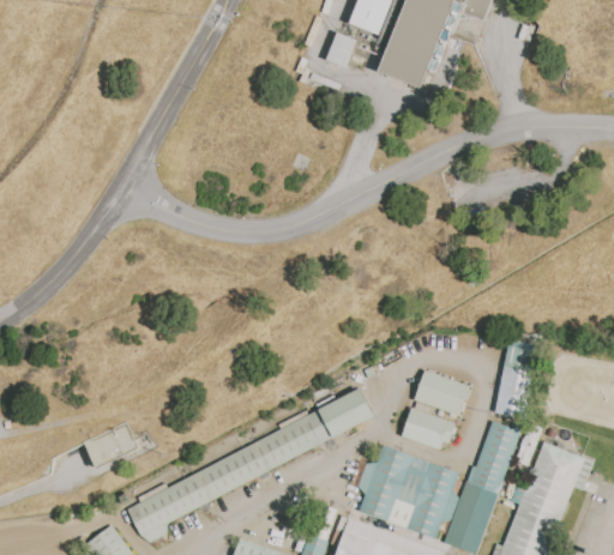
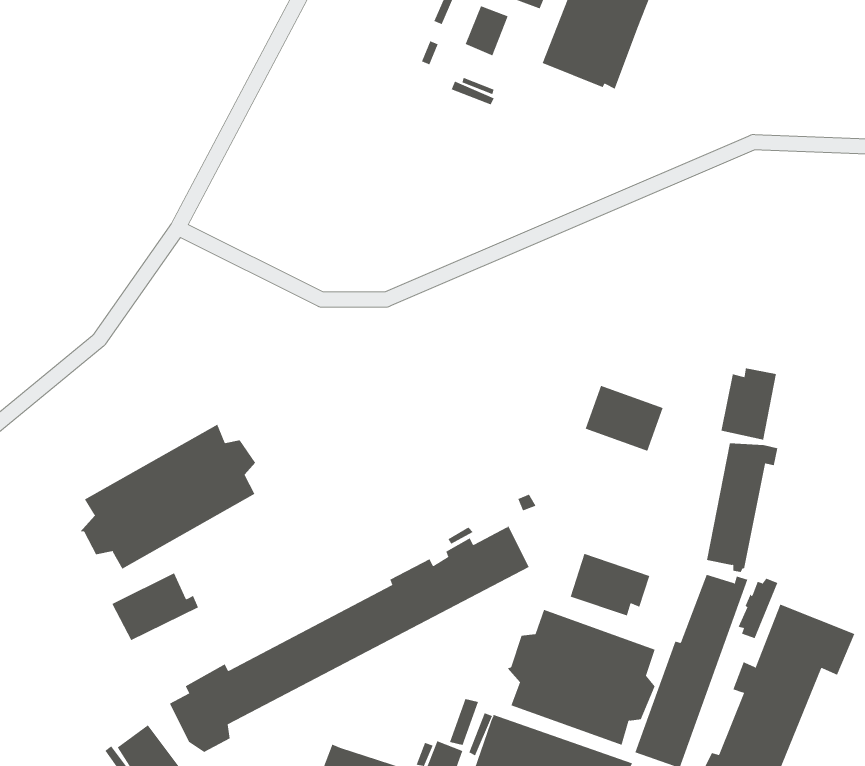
building: none -> [721,367,776,440]
building: none -> [80,424,256,569]
building: [413,372,466,417] -> [585,385,664,451]

